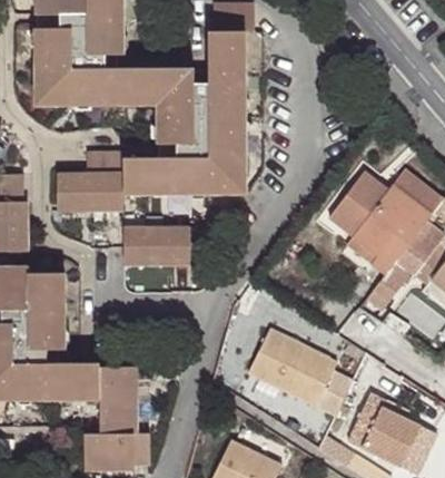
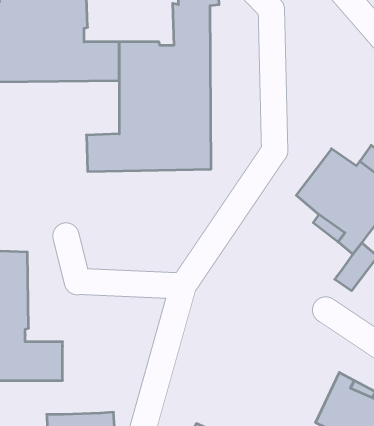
building: [56,152,125,212] -> none
building: [125,226,190,265] -> none
building: [249,329,353,416] -> none
building: [100,365,137,432] -> none

